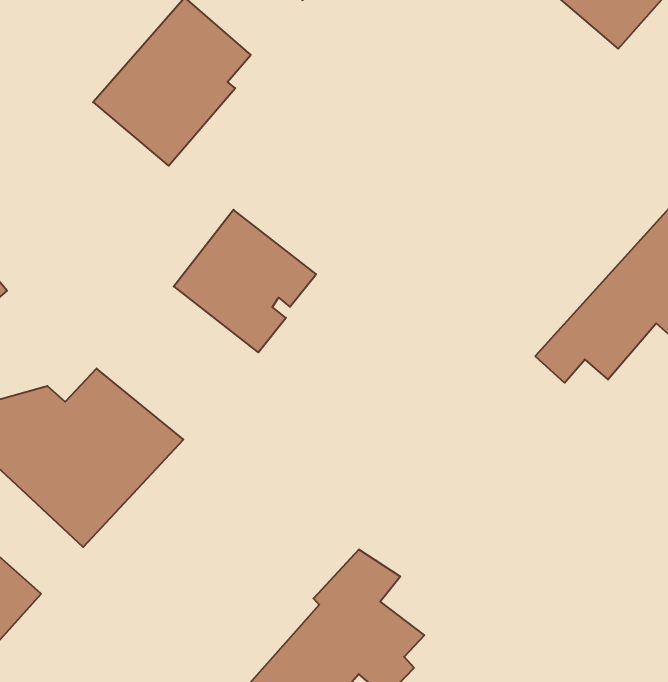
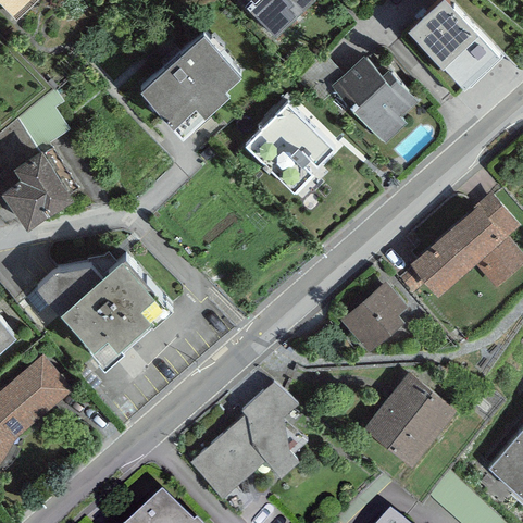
building: none -> [329,58,418,146]
building: [174,210,316,352] -> [245,102,334,192]
building: none -> [339,282,404,353]
building: none -> [364,372,457,466]

